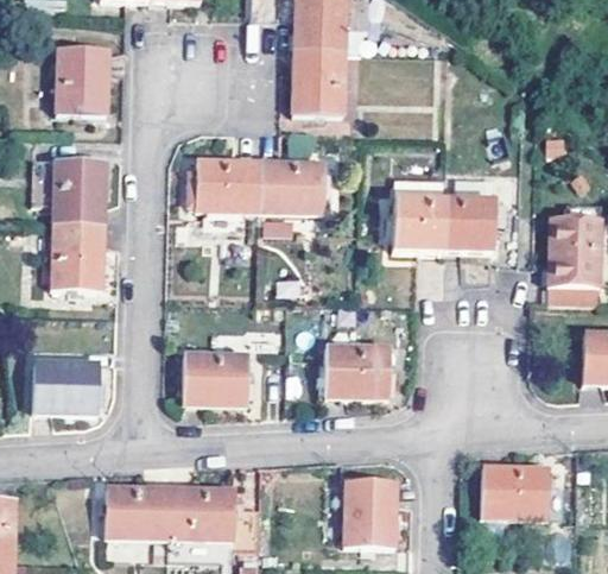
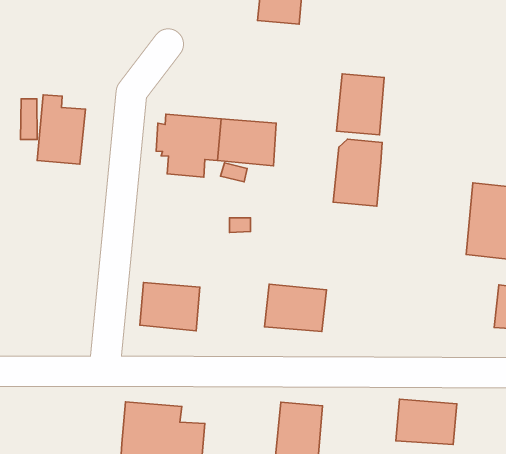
building: [57,45,108,114] -> none
building: [292,46,342,113] -> [337,74,384,135]
building: [443,198,494,248] -> none
building: [52,221,103,288] -> none
building: [34,361,100,410] -> none
building: [108,486,172,536] -> none

